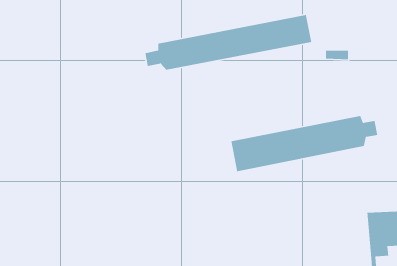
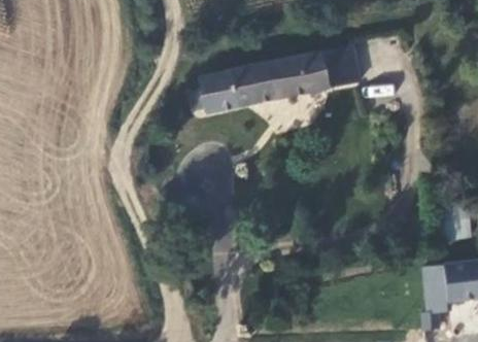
building: [230,115,378,172] -> none

